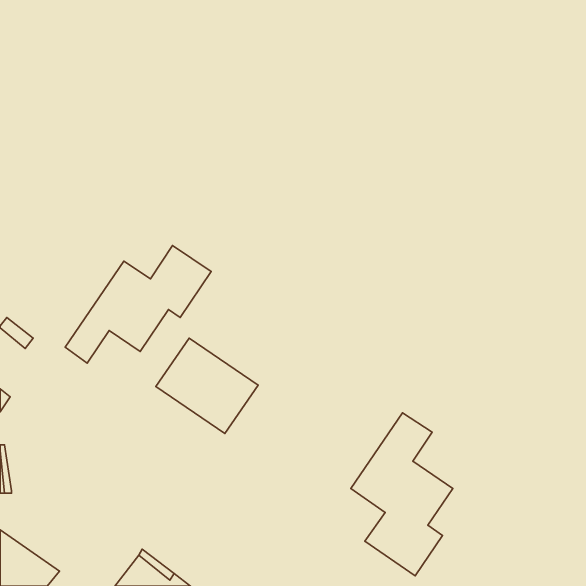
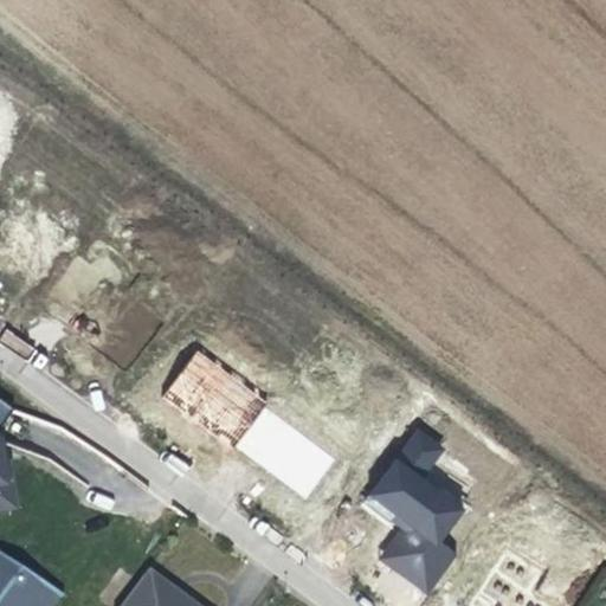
building: [65,245,211,363] -> none
building: none -> [234,410,335,496]

